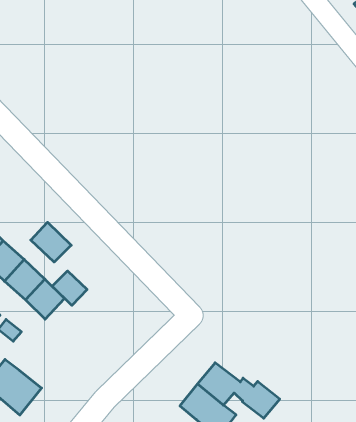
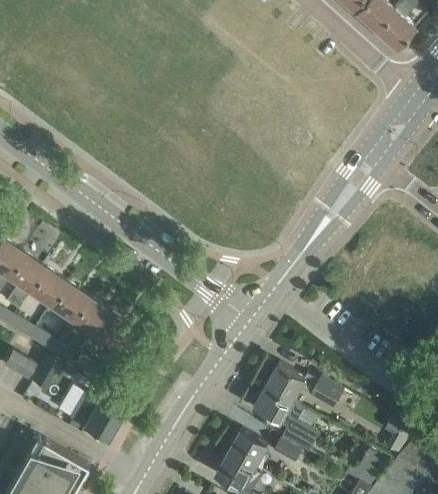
building: [31,222,71,262] -> none
building: [52,271,87,305] -> none

